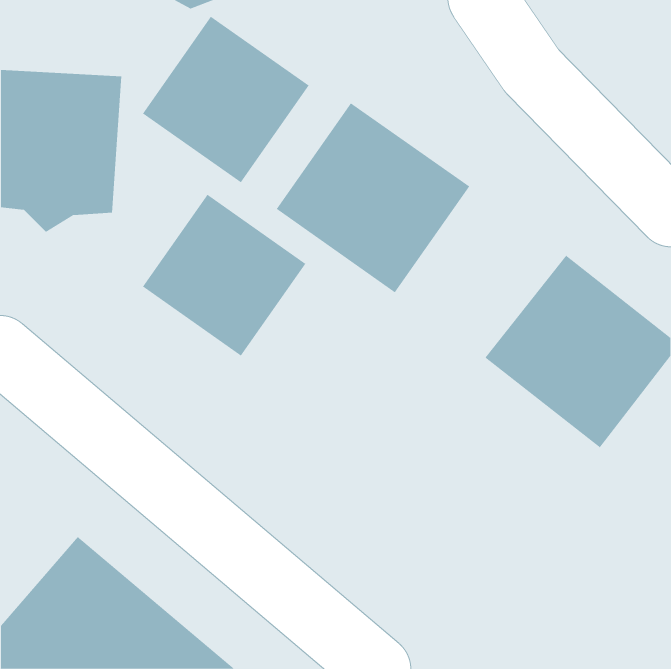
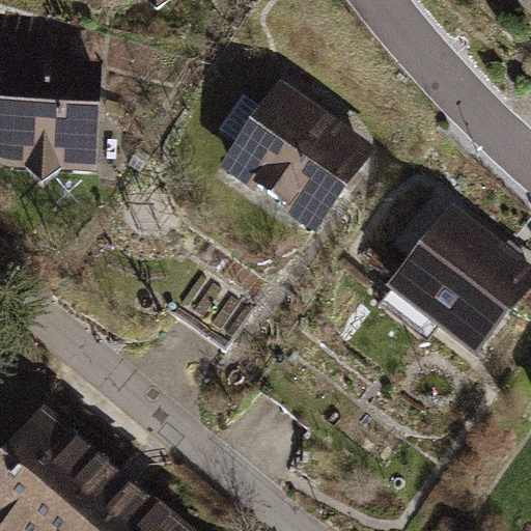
building: [142,16,310,183] -> none
building: [142,194,306,356] -> none

